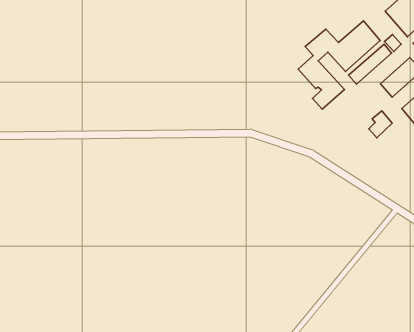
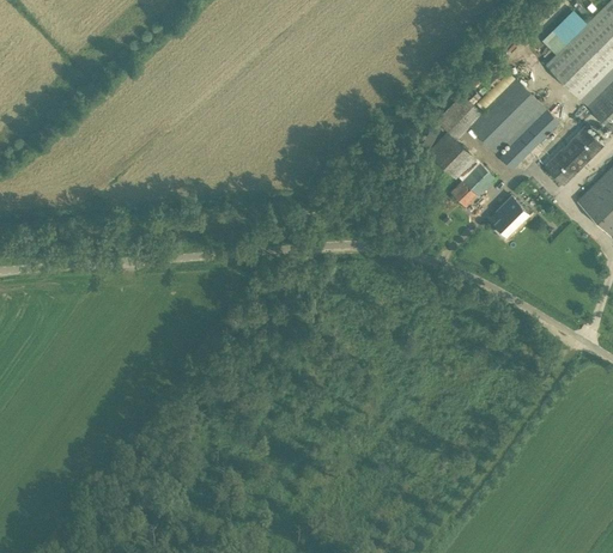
building: [369,111,392,138] -> [494,198,527,236]

